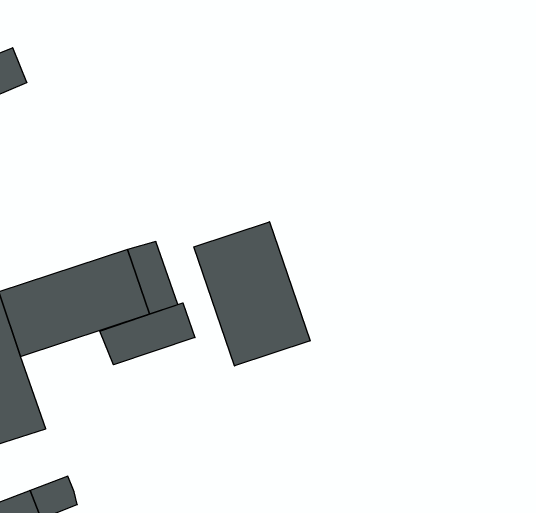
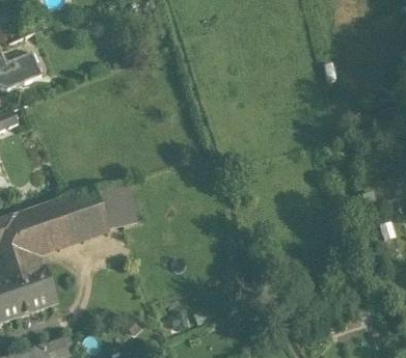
building: [194,222,310,366] -> none
building: [100,303,195,365] -> none

